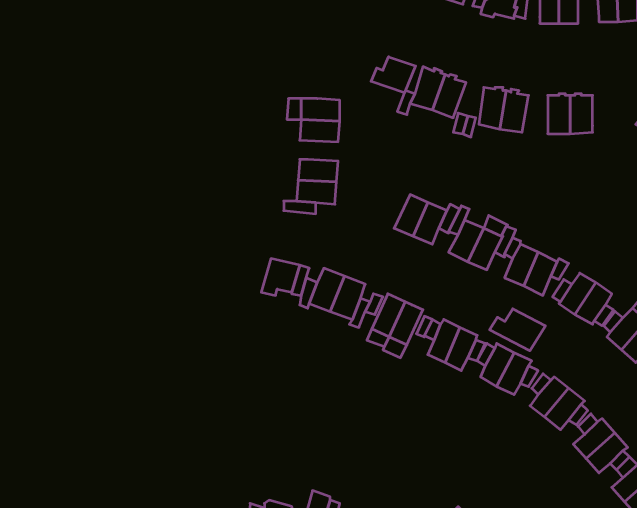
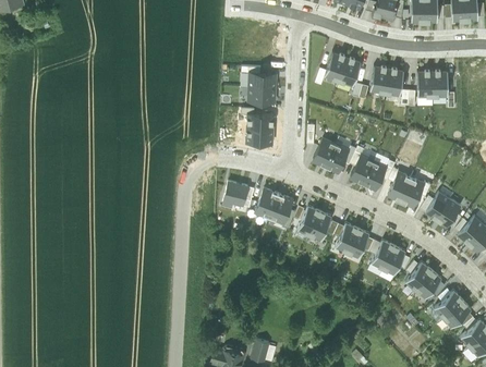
building: [371,57,416,93] -> none
building: [490,309,545,351] -> none

